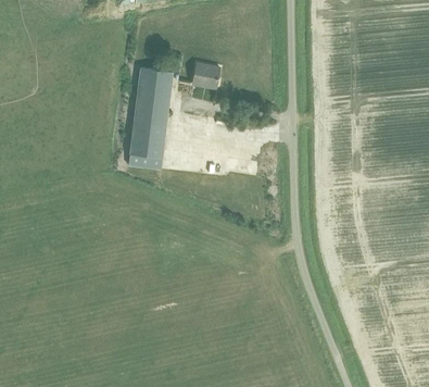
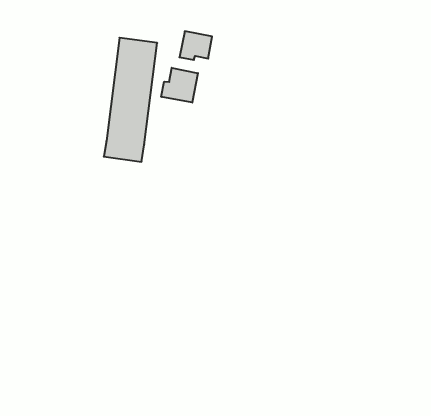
building: none -> [161,68,198,103]

